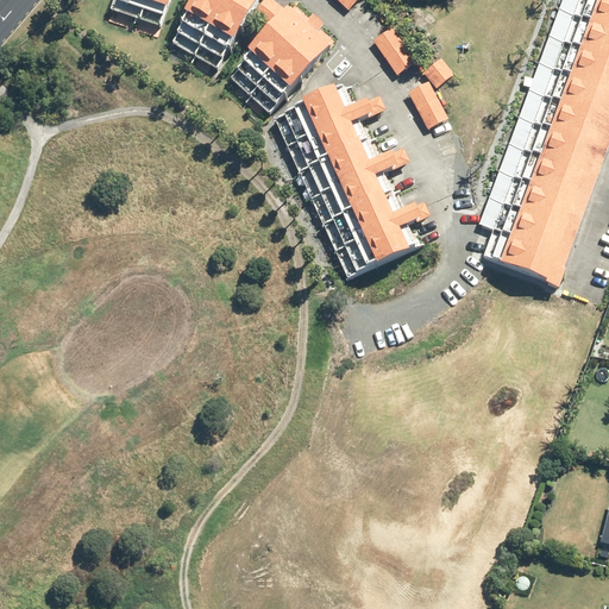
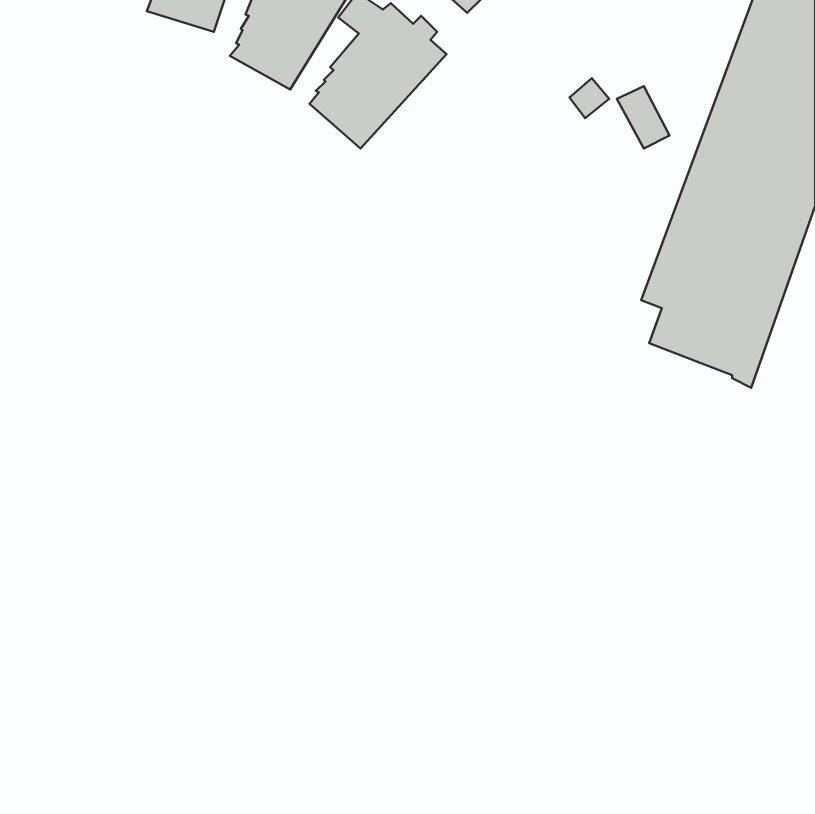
building: [375,27,416,74] -> none
building: [408,81,447,127] -> [617,86,669,148]
building: [275,87,431,278] -> none

